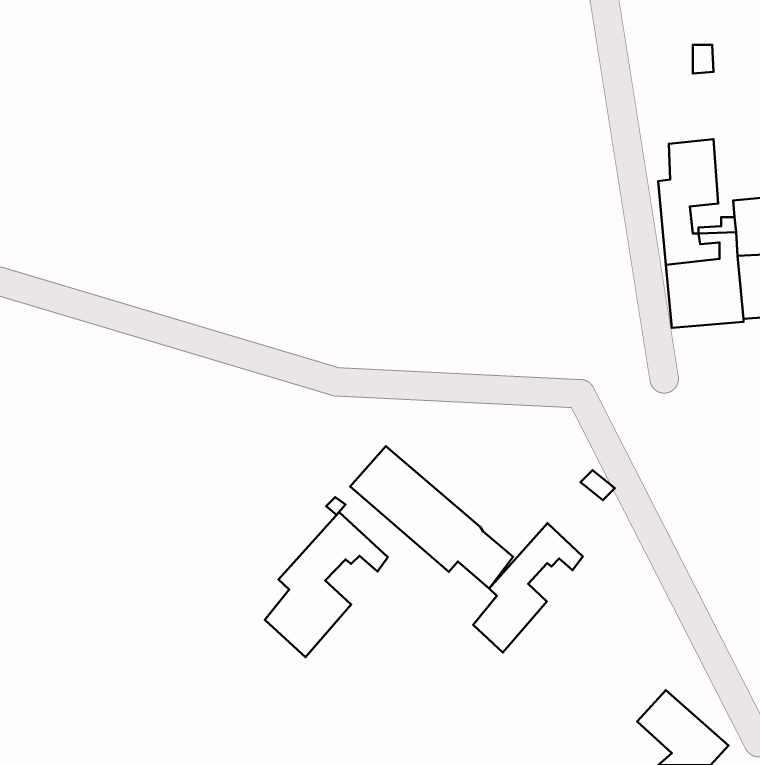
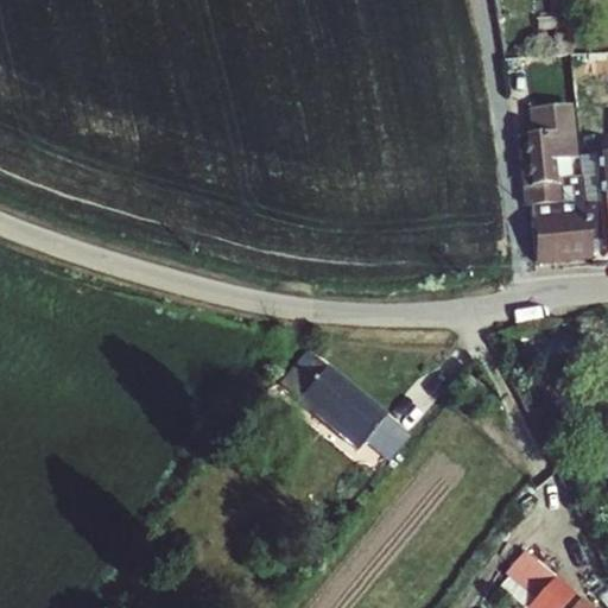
building: [265,512,388,657] -> none
building: [473,523,583,652] -> none

